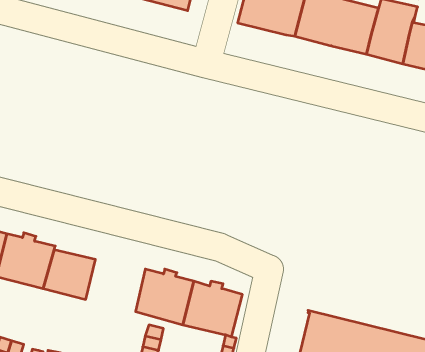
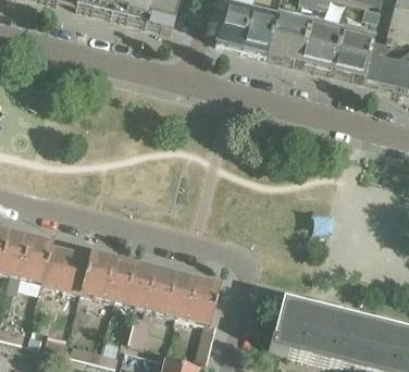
building: none -> [79,251,133,300]

